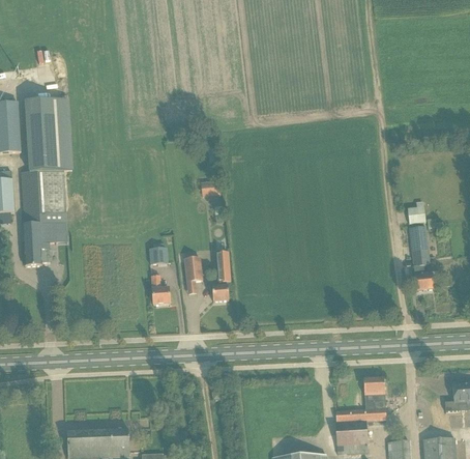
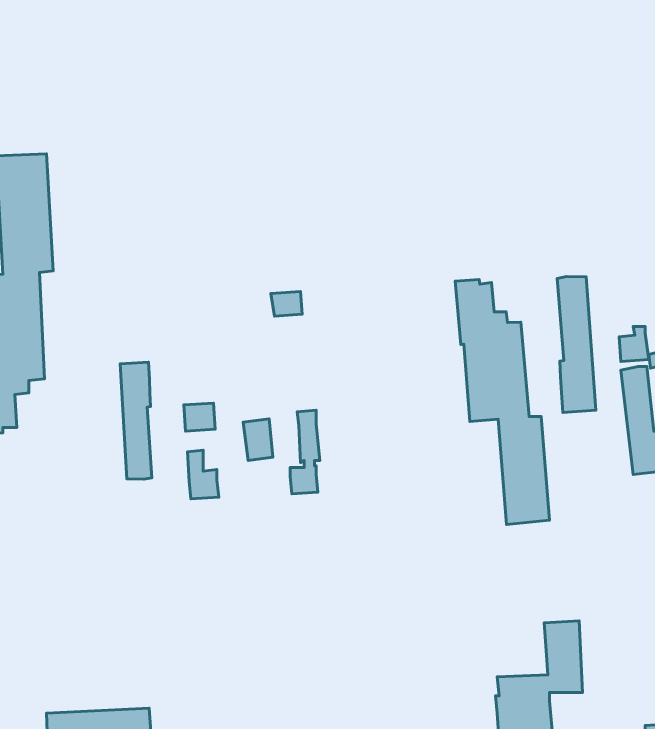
building: none -> [557,276,596,413]
building: none -> [455,280,549,524]
building: none -> [120,362,152,479]

